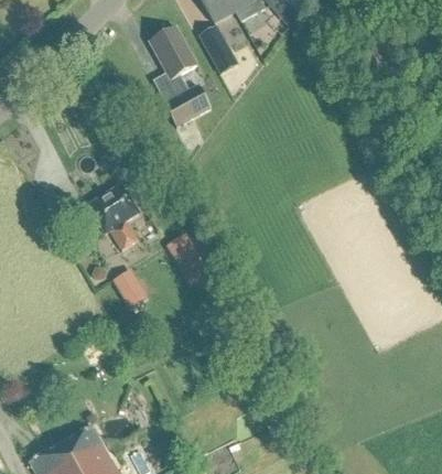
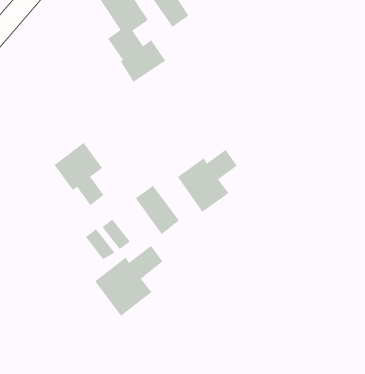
building: none -> [177,149,238,213]
building: none -> [94,245,164,317]

